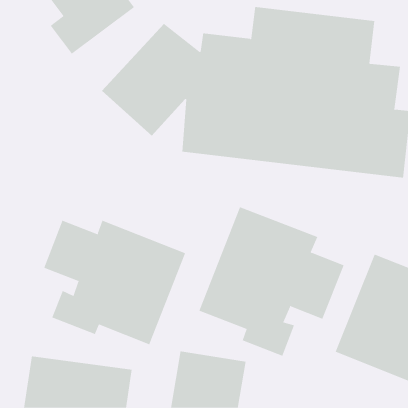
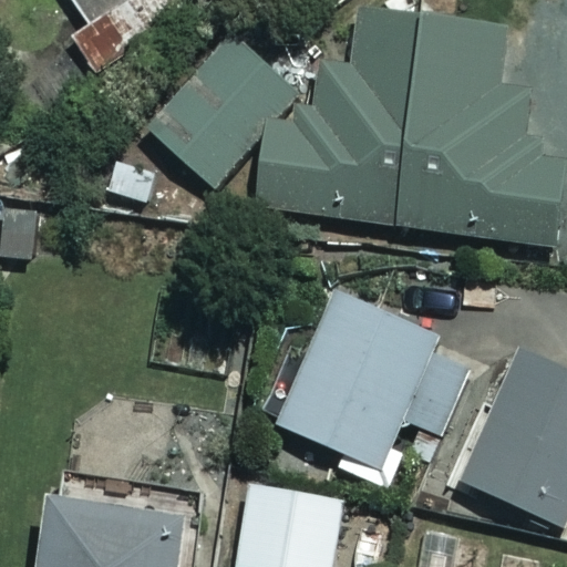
building: [44,220,186,345] -> none

